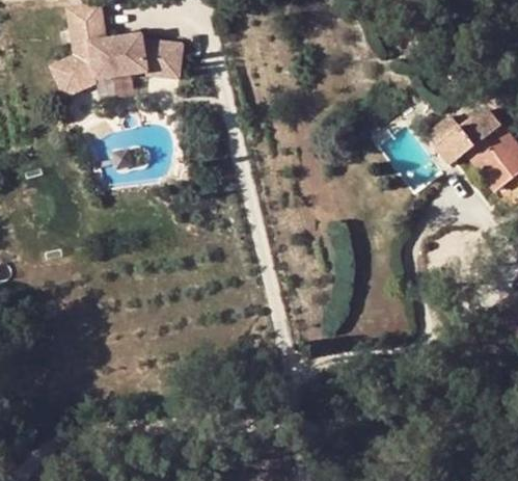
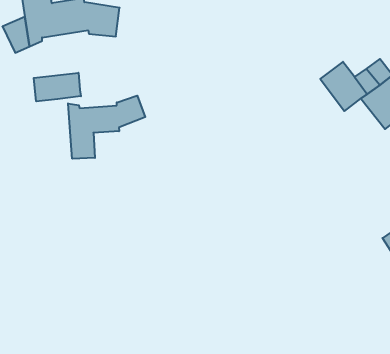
building: none -> [34,73,81,101]
building: none -> [68,96,145,159]

